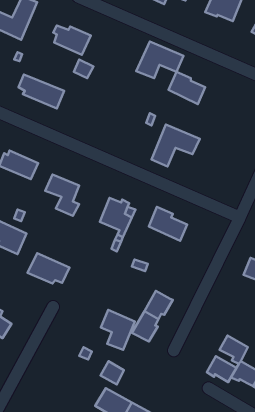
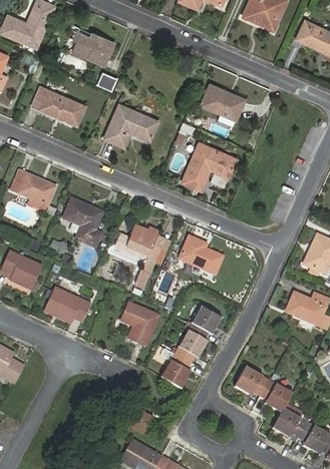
building: [136,42,184,78] -> [105,105,158,146]
building: none -> [189,306,221,339]
building: [101,310,135,350] -> [121,301,159,346]
building: [207,356,236,382] -> [236,367,269,396]

